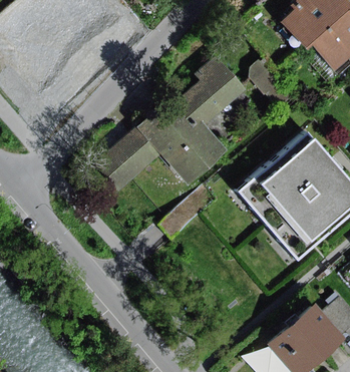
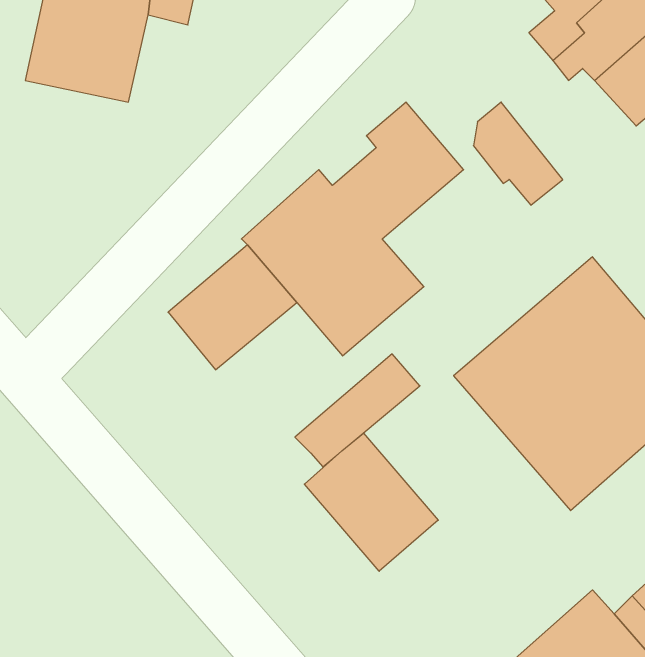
building: none -> [304,433,438,571]

